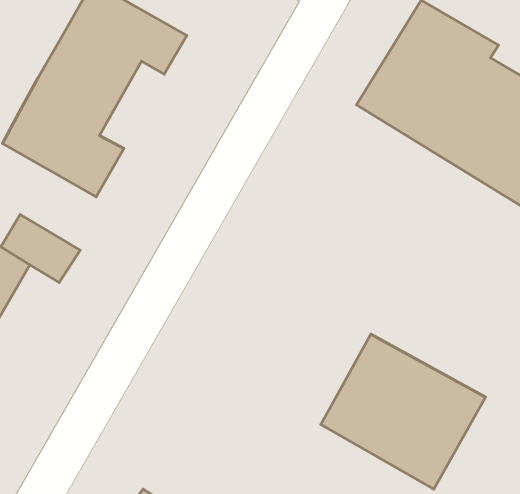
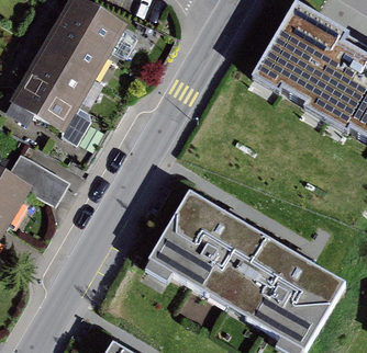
building: none -> [147,190,263,296]

